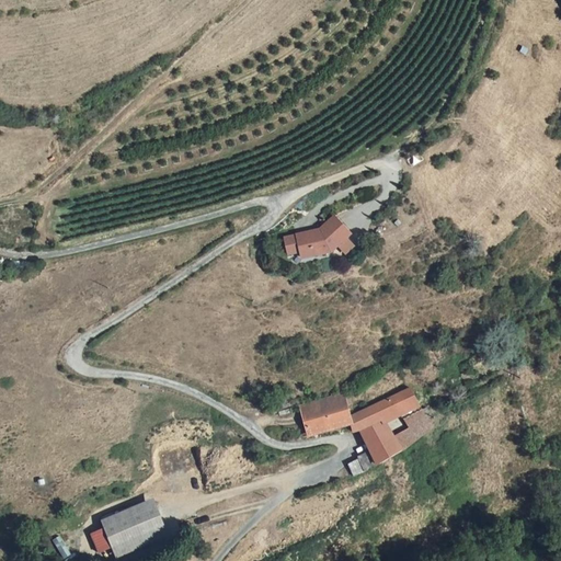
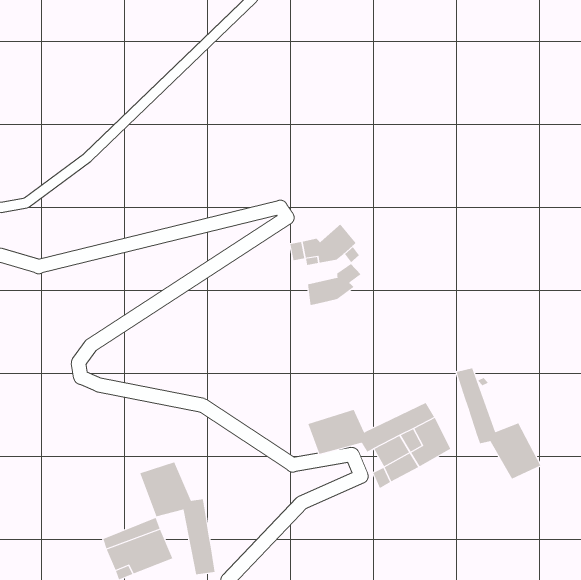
building: none -> [307,263,361,306]
building: none -> [456,367,541,479]
building: none -> [139,461,215,575]

